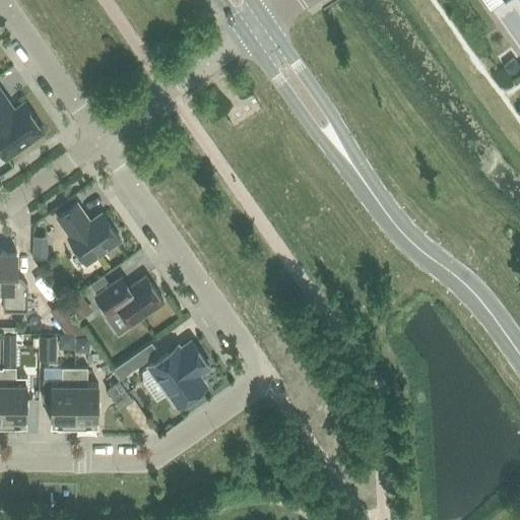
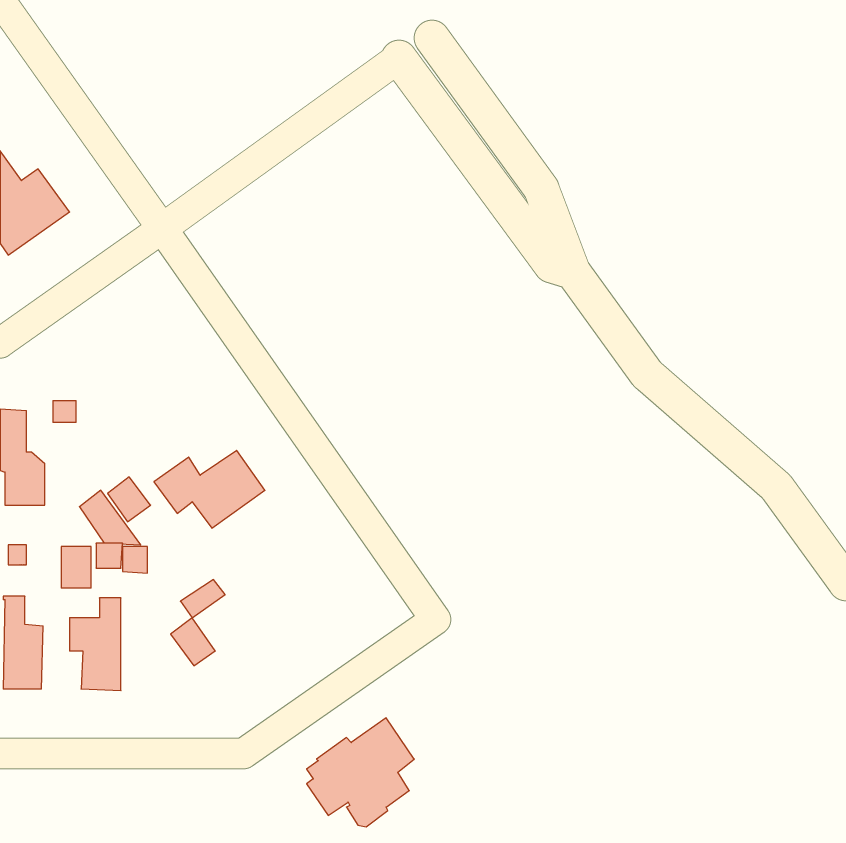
building: [57,205,120,265] -> none
building: [142,342,208,409] -> [307,718,414,827]
building: [74,369,98,426] -> none

